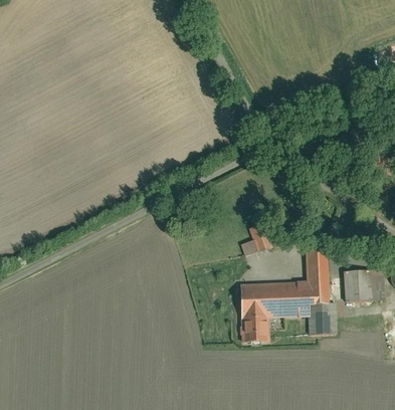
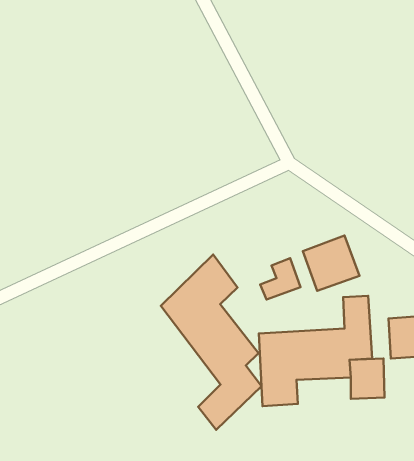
building: none -> [303,235,360,291]
building: none -> [161,255,262,430]

